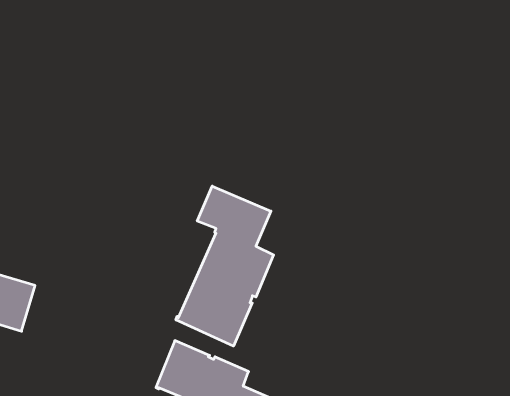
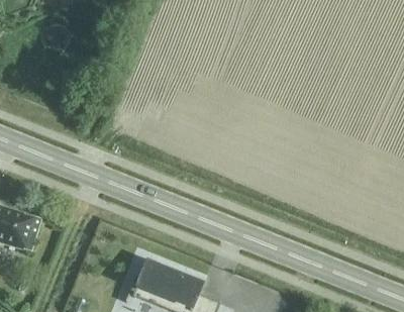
building: [176,186,274,346] -> none

